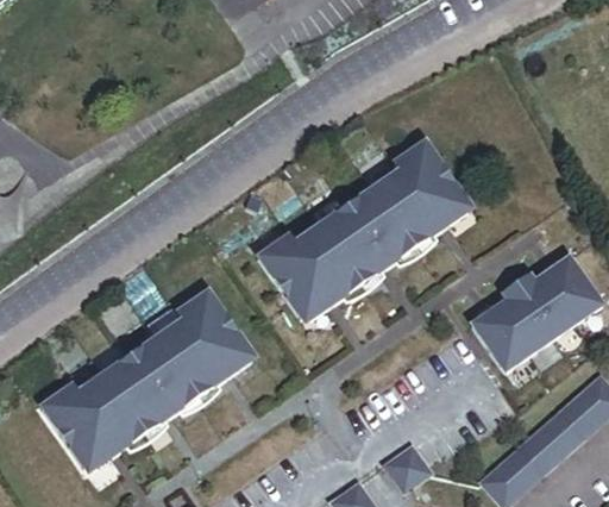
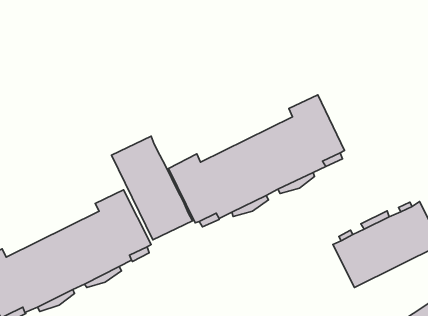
building: none -> [112,136,192,240]

